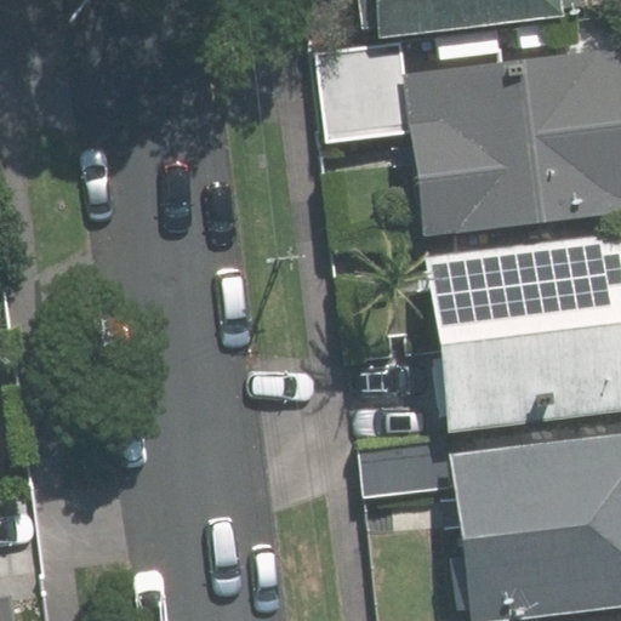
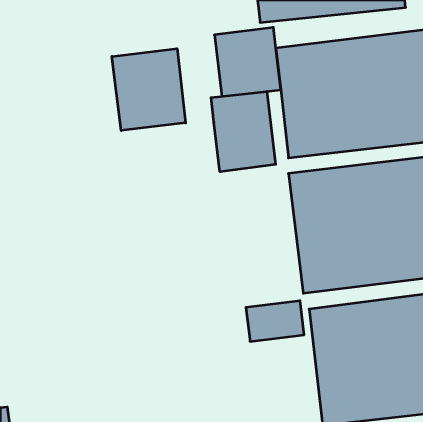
building: none -> [112,49,186,131]
building: none -> [211,91,276,172]

